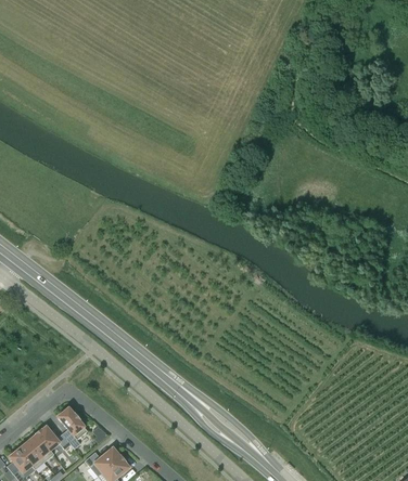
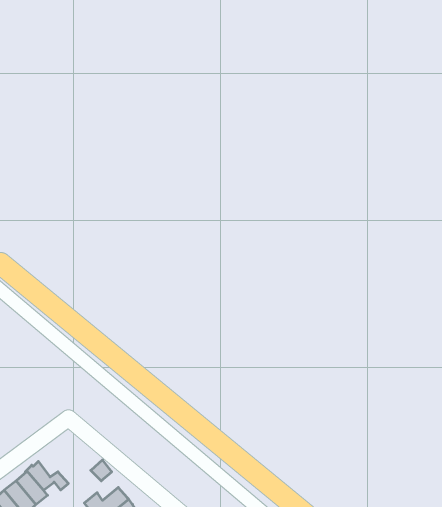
building: [58,407,88,448] -> none

